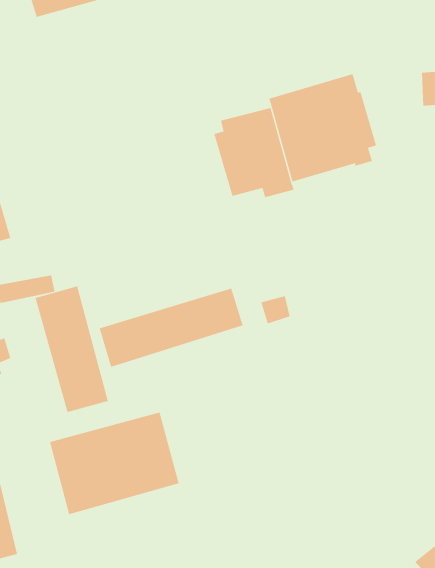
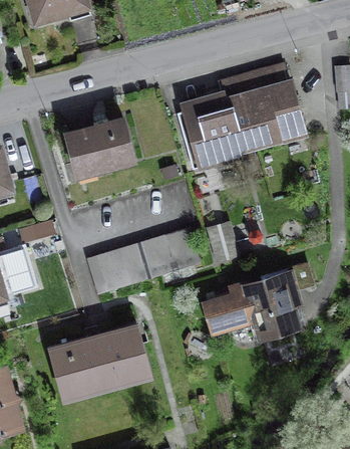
building: none -> [69,115,142,179]
building: [35,286,109,413] -> none
building: none -> [201,262,309,338]

